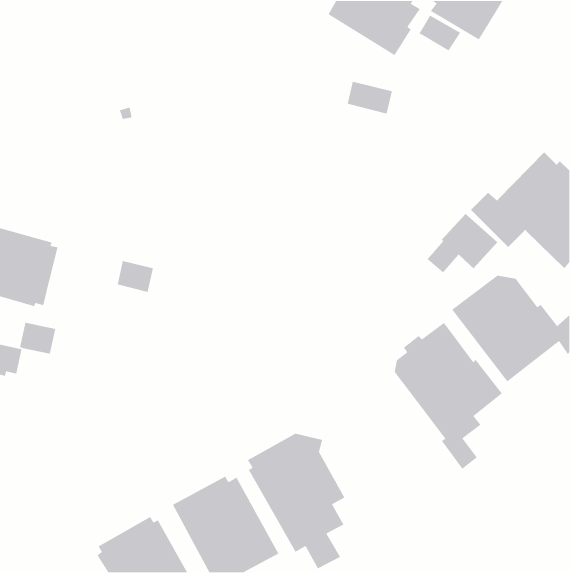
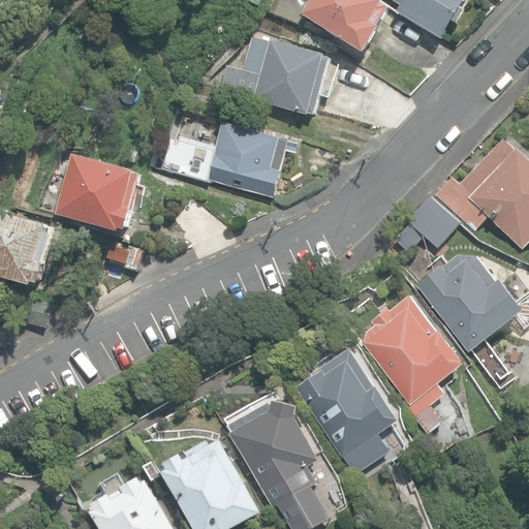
building: none -> [218,38,326,116]
building: none -> [159,123,287,197]
building: none -> [55,153,141,229]
building: none -> [293,348,398,475]

